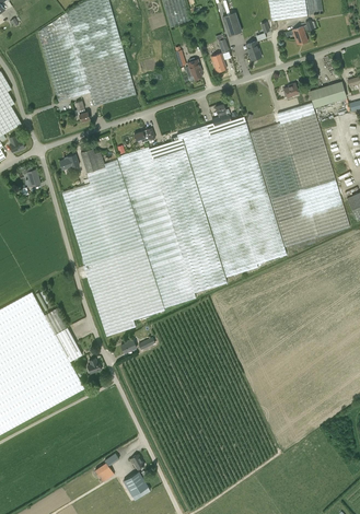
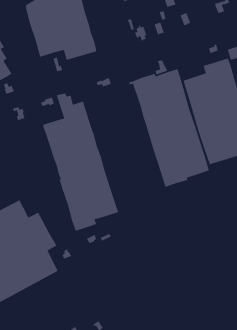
building: [117,138,227,307] -> none

